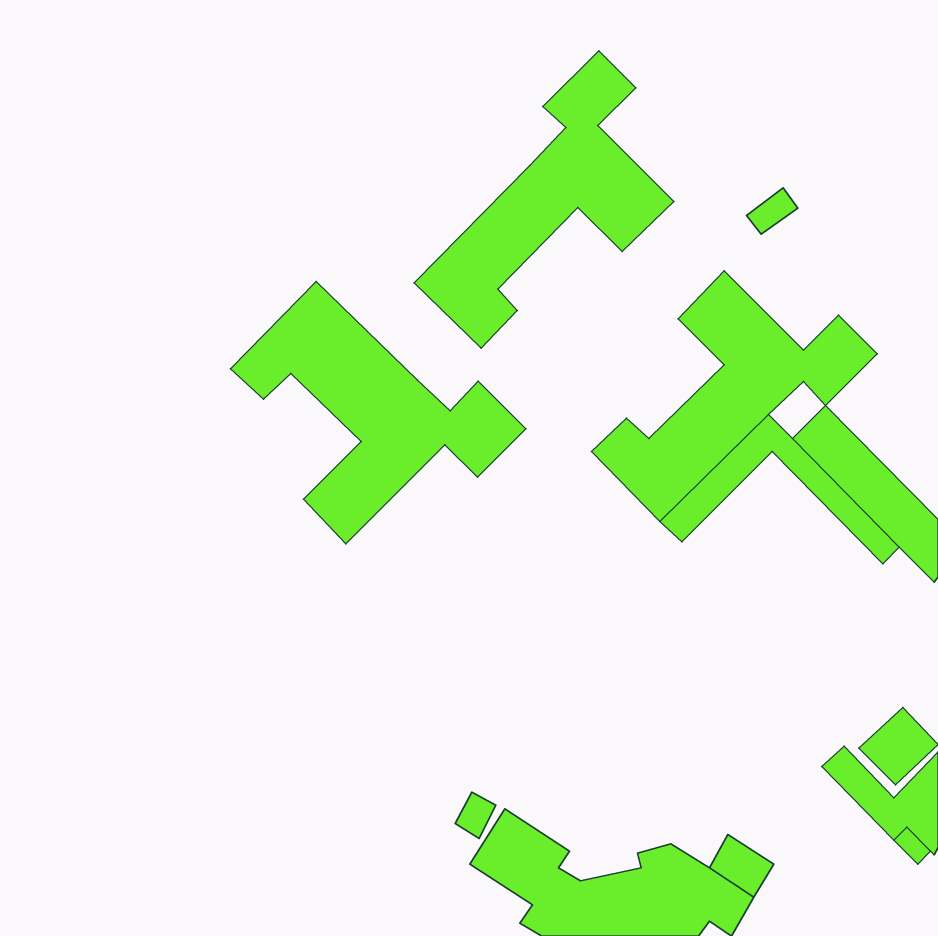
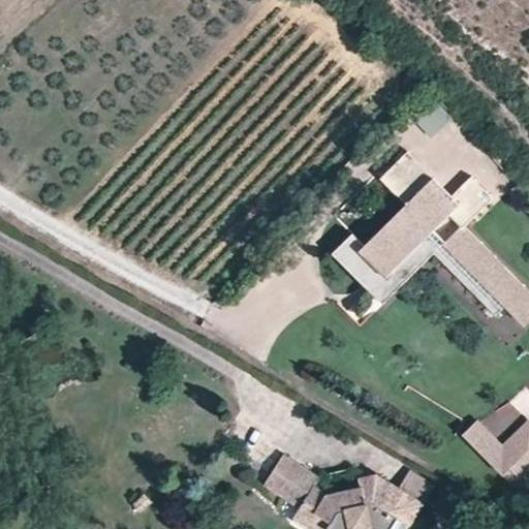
building: [414,51,674,348] -> none
building: [231,282,526,544] -> none

